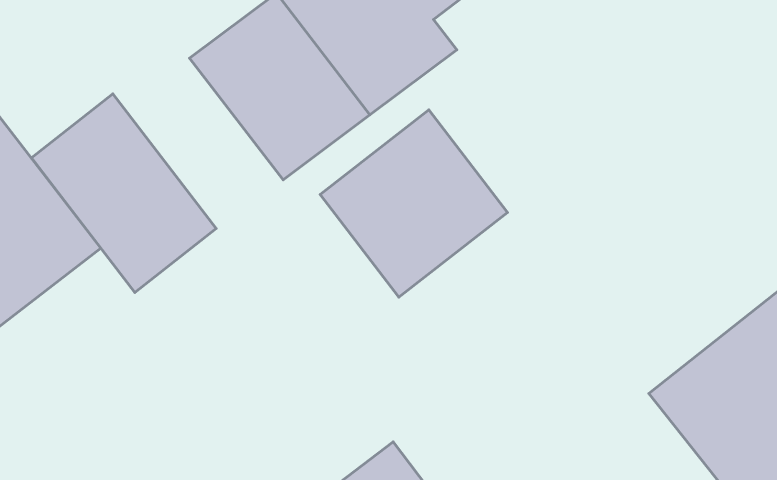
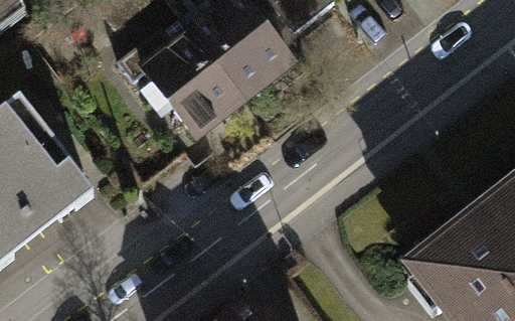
building: [31,94,216,292] -> none
building: [320,110,508,297] -> none

